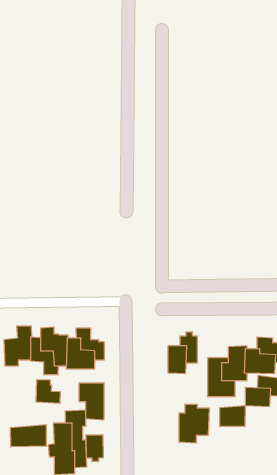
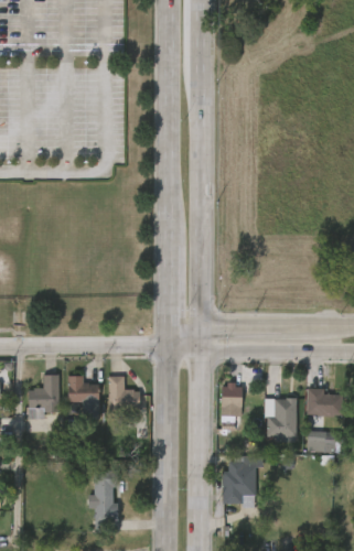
building: [36,380,60,404] -> none
building: [79,383,104,420] -> none
building: [220,405,245,427] -> none
building: [11,425,46,447] -> none
building: [86,435,103,462] -> none

